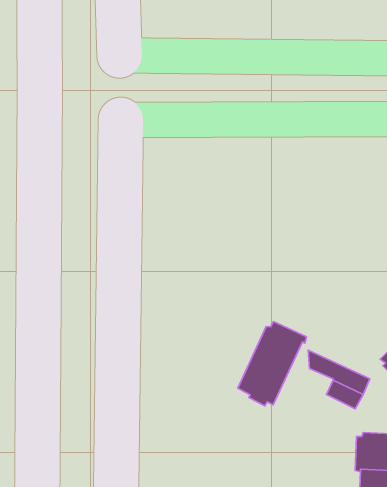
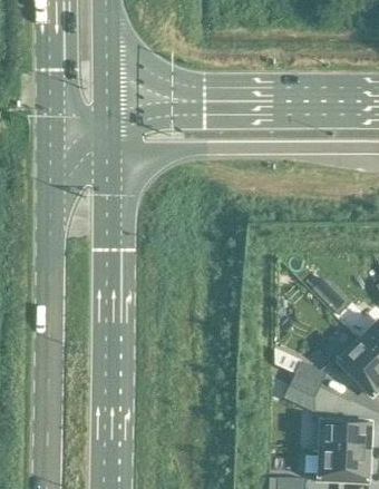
building: [238,321,307,406] -> none

